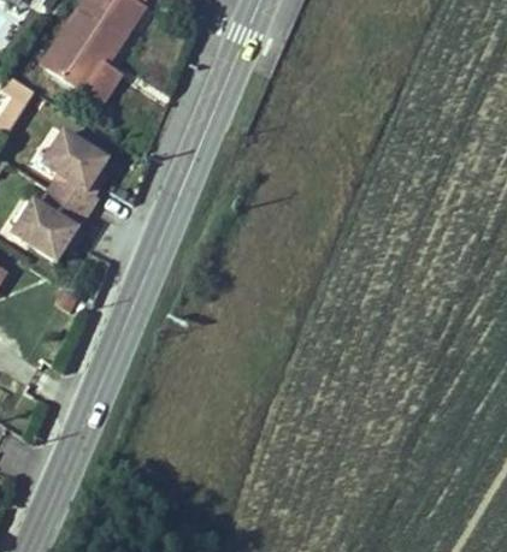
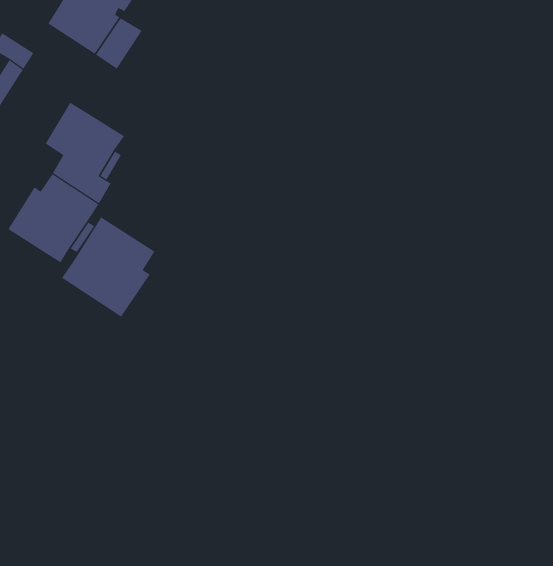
building: none -> [61,217,155,317]

